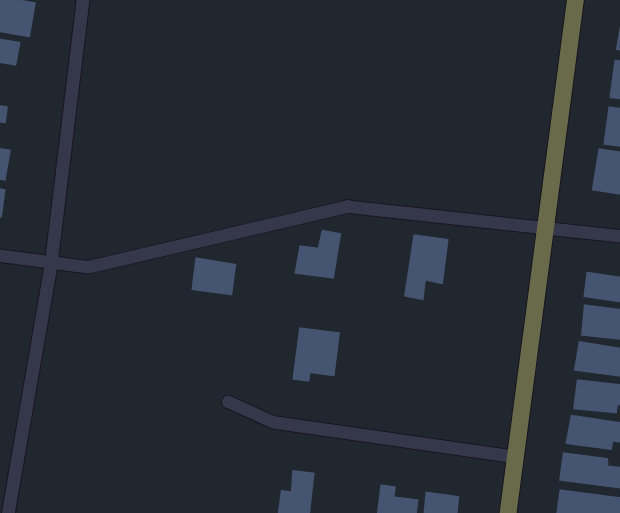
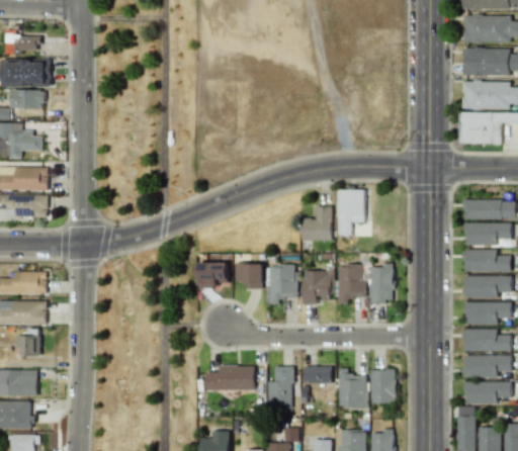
building: [294,229,342,279] -> [301,205,332,240]
building: [190,257,237,296] -> [198,262,229,286]
building: none -> [236,264,263,288]
building: none -> [338,264,366,303]
building: none -> [303,270,333,304]
building: none -> [370,263,395,302]
building: none -> [205,365,255,390]
building: none -> [305,366,332,383]

